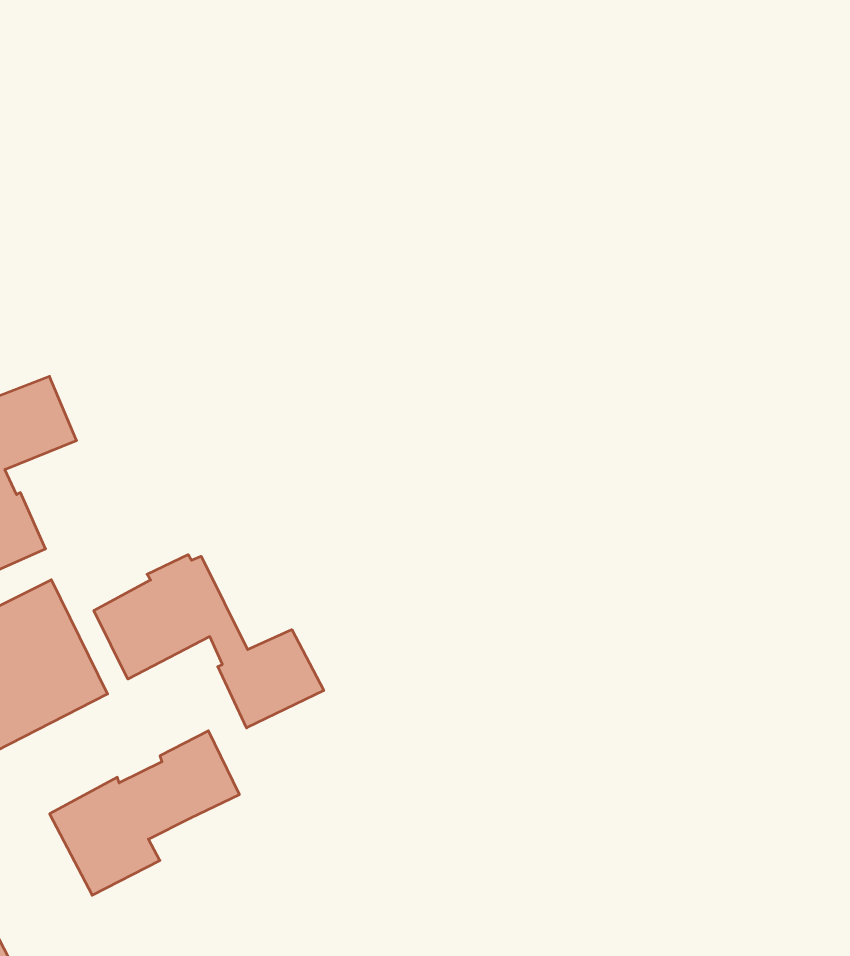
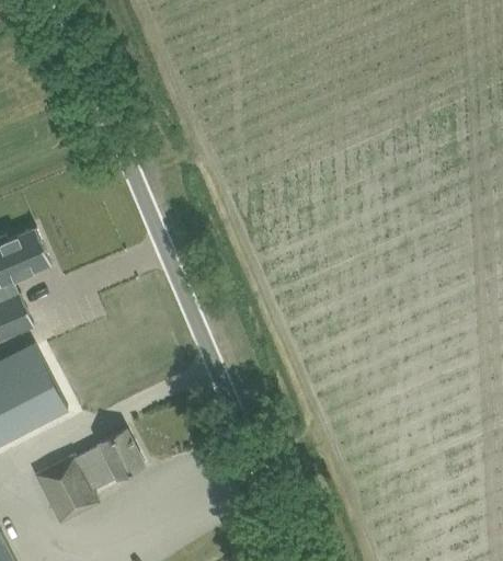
building: [94,555,324,728] -> none

